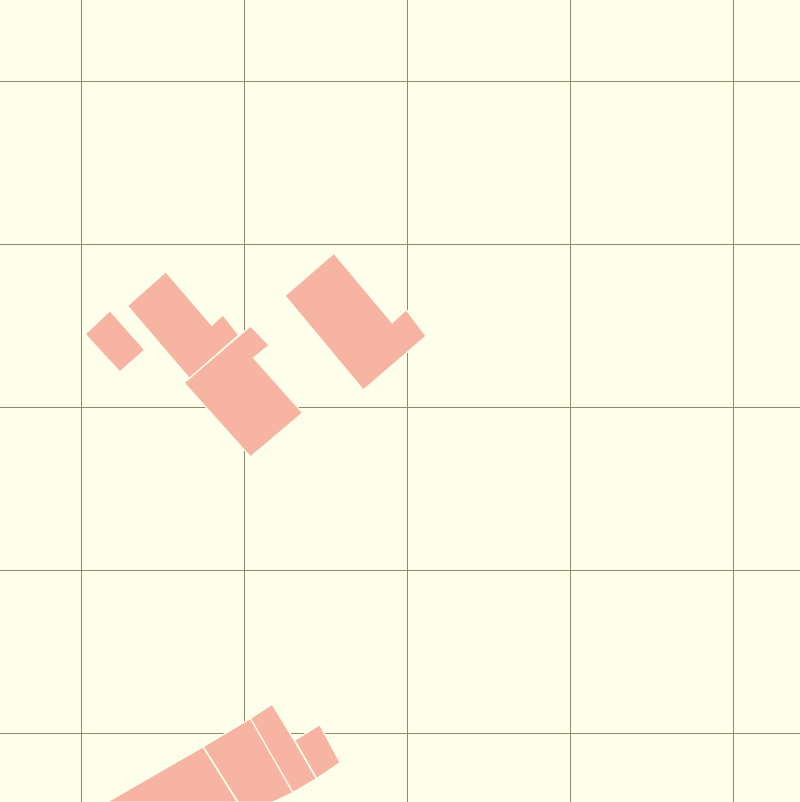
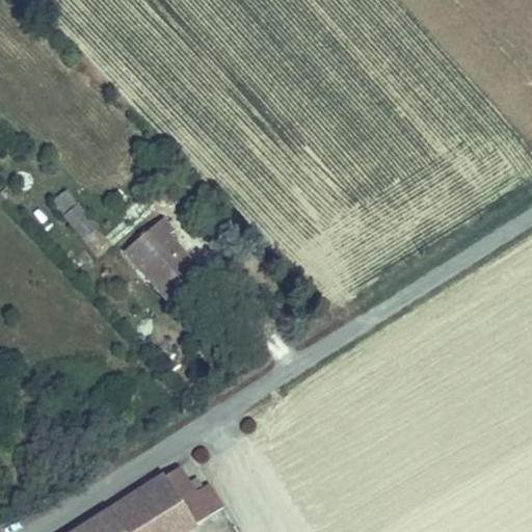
building: [285,253,426,390] -> none
building: [128,272,239,378] -> none

